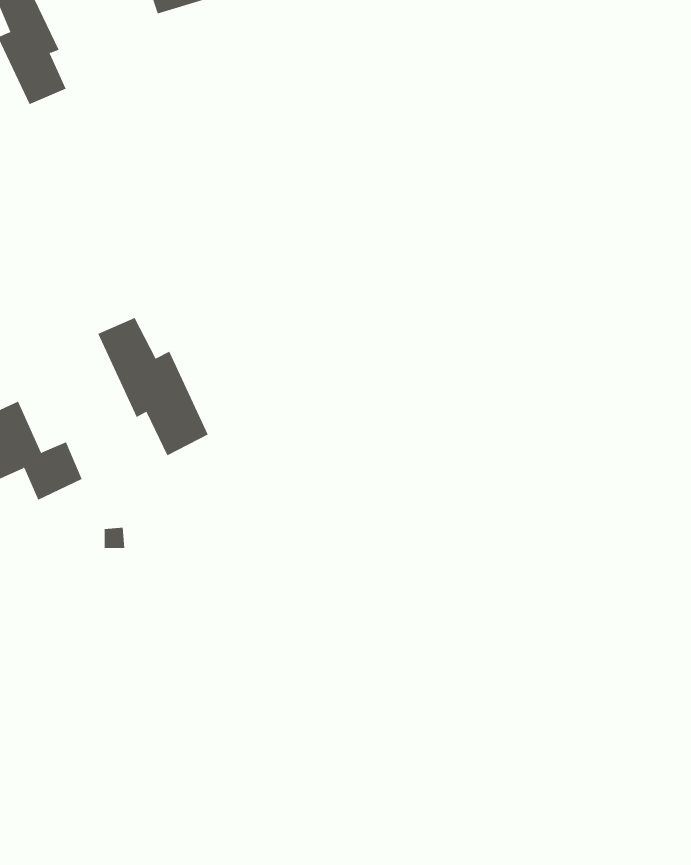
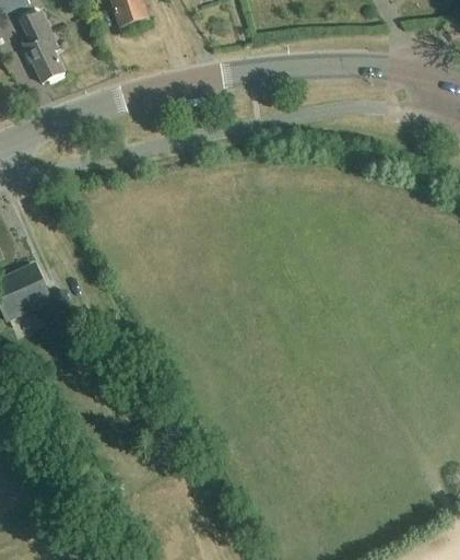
building: [97,317,208,456] -> none

